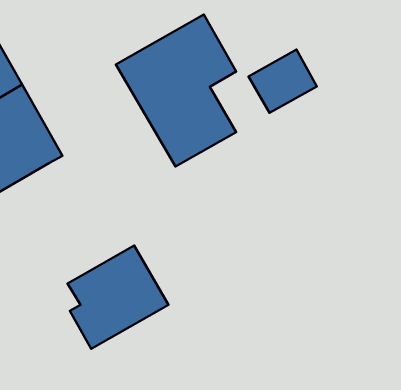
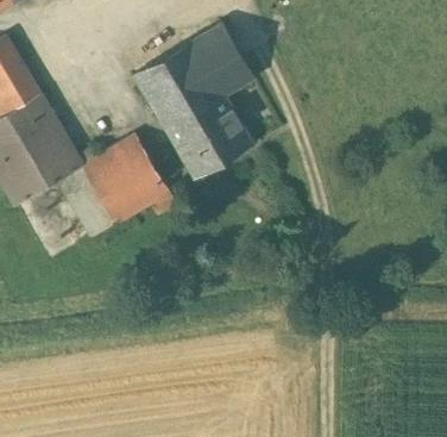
building: [249,49,317,113] -> none
building: [67,245,168,349] -> [68,135,169,238]

